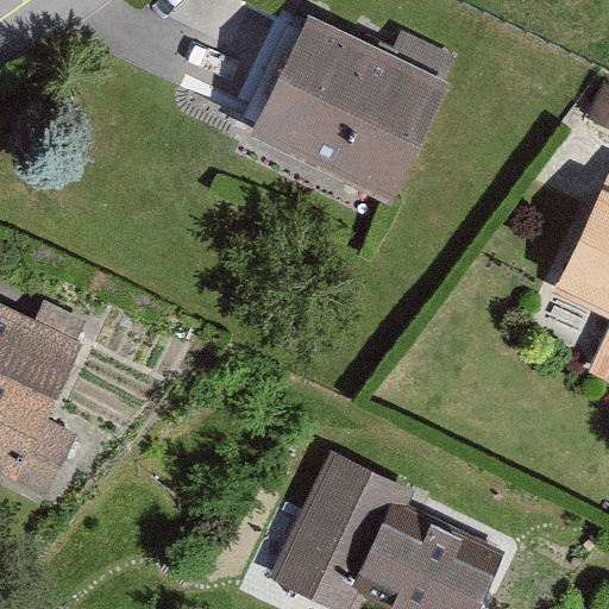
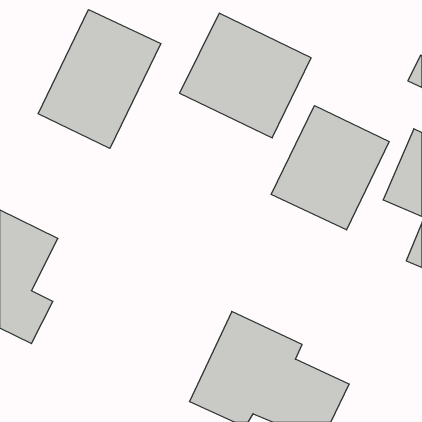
building: none -> [38,10,161,148]
building: none -> [271,106,389,230]

